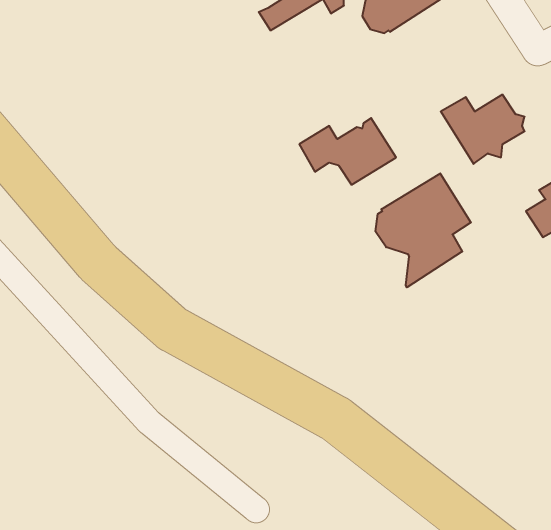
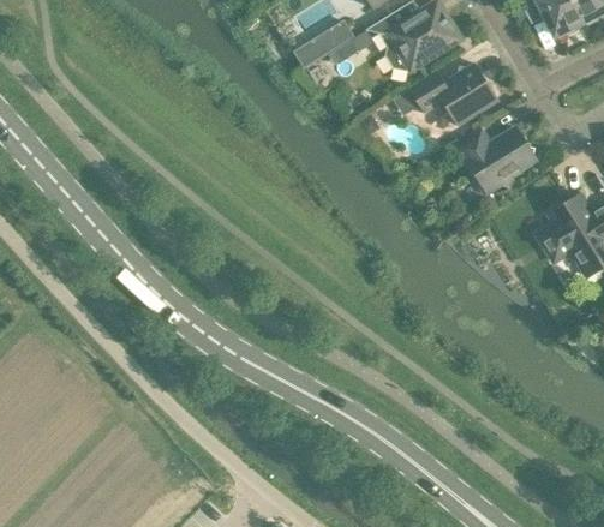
building: [299,118,396,185] -> [409,64,498,125]
building: [376,173,471,287] -> none

